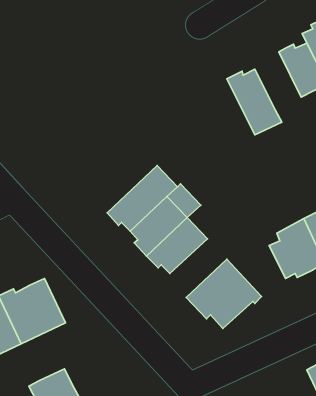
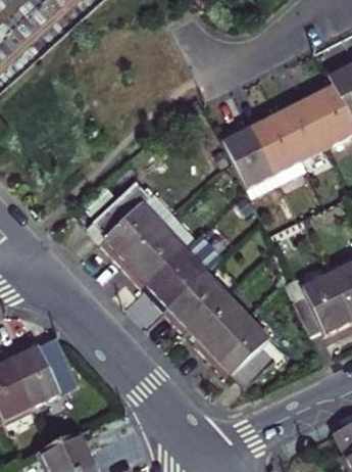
building: none -> [279,97,328,158]
building: none -> [222,126,279,199]
building: none -> [87,183,175,268]
building: none -> [189,295,249,358]

